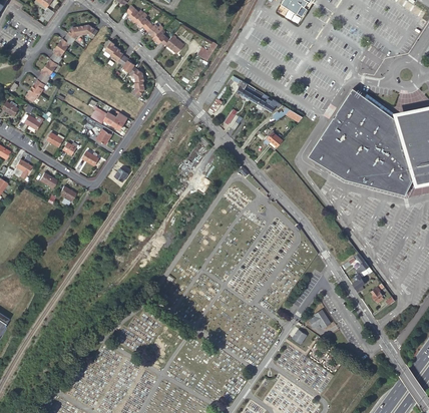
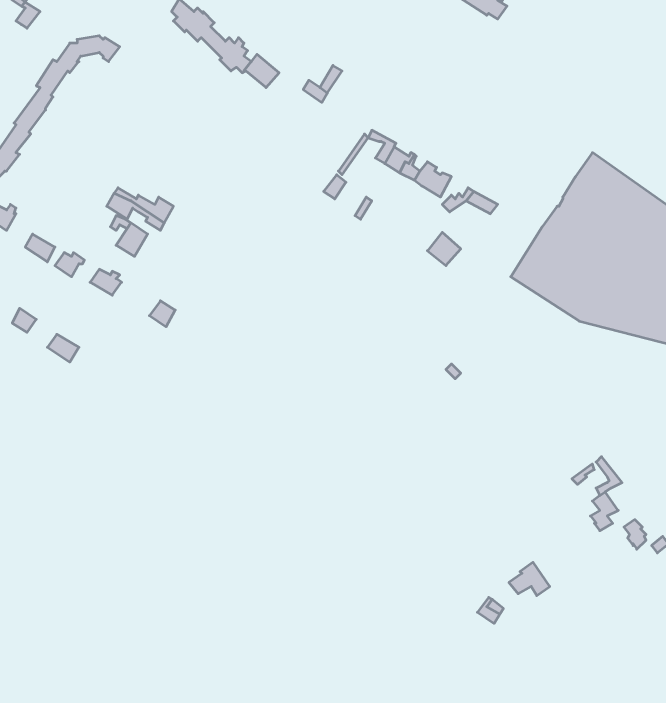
building: [102,39,145,97] -> none

